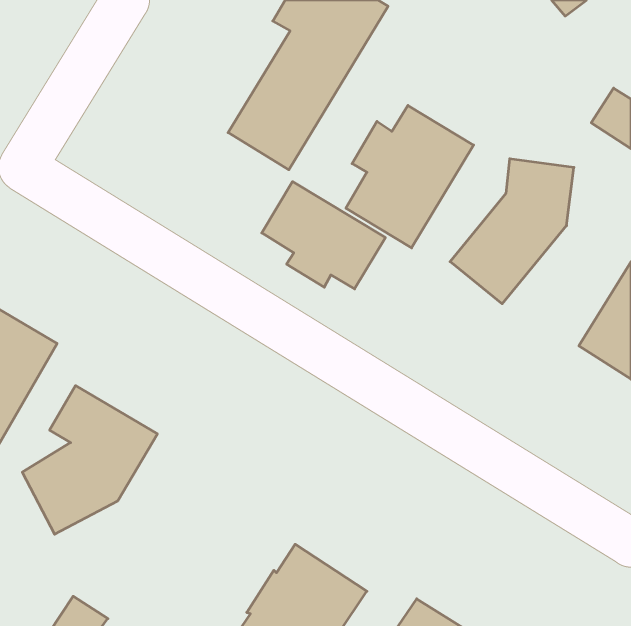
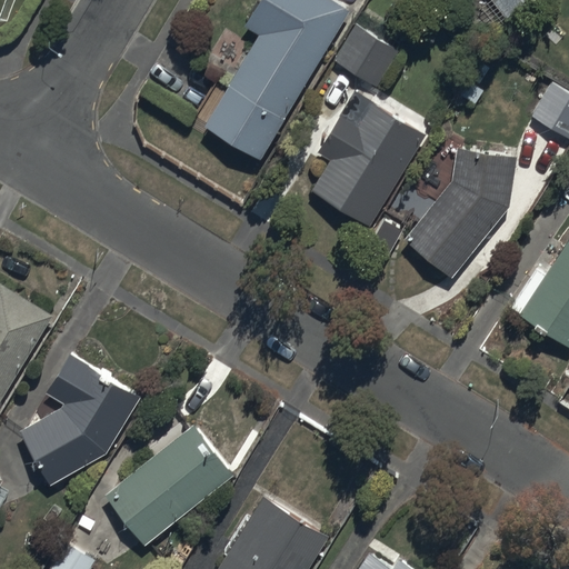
building: none -> [332,26,399,90]
building: [262,182,385,289] -> none
building: none -> [103,425,233,545]

